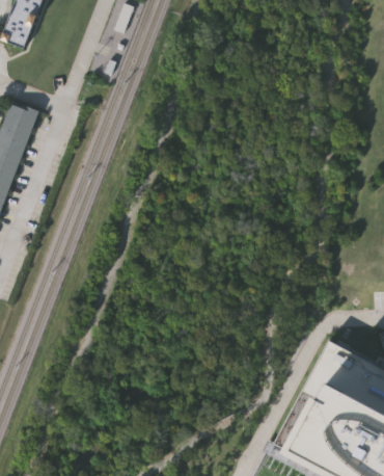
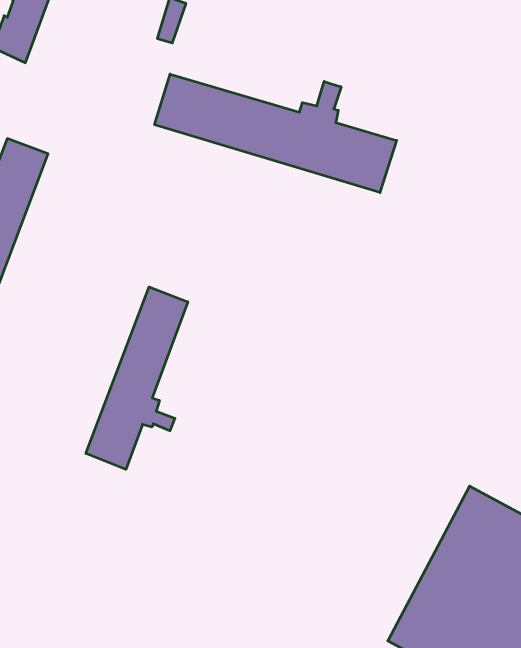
building: none -> [155,74,397,193]
building: none -> [86,287,188,469]

